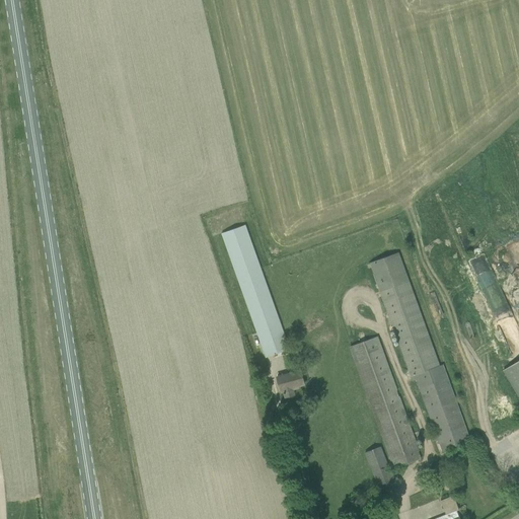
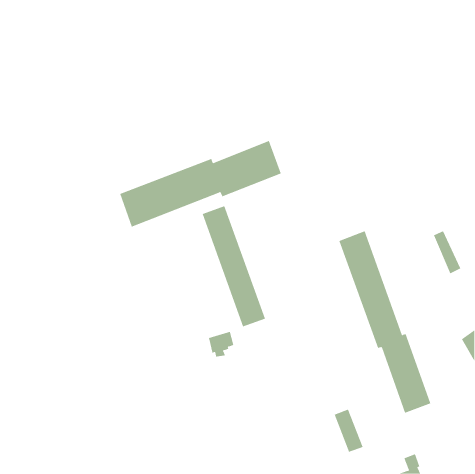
building: none -> [119,140,281,227]
building: [349,336,421,467] -> none
building: [276,369,304,397] -> [208,331,234,357]

